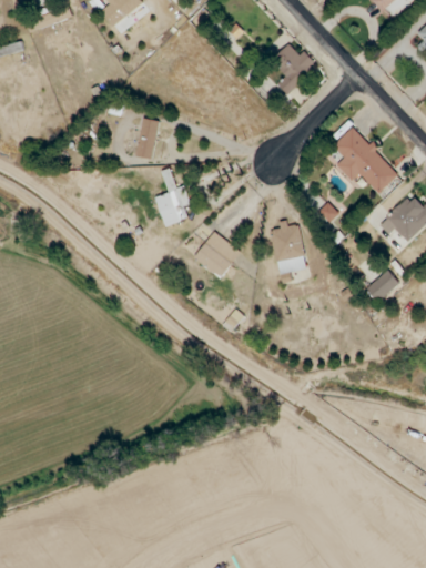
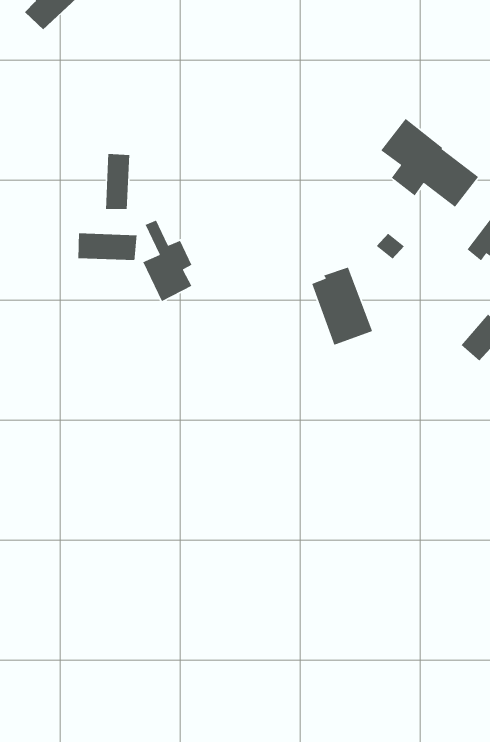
building: [272,44,317,94] -> none
building: none -> [77,232,138,261]
building: [193,232,240,278] -> none

